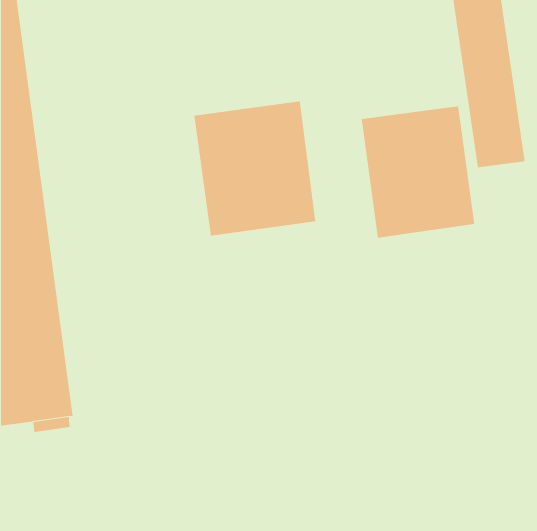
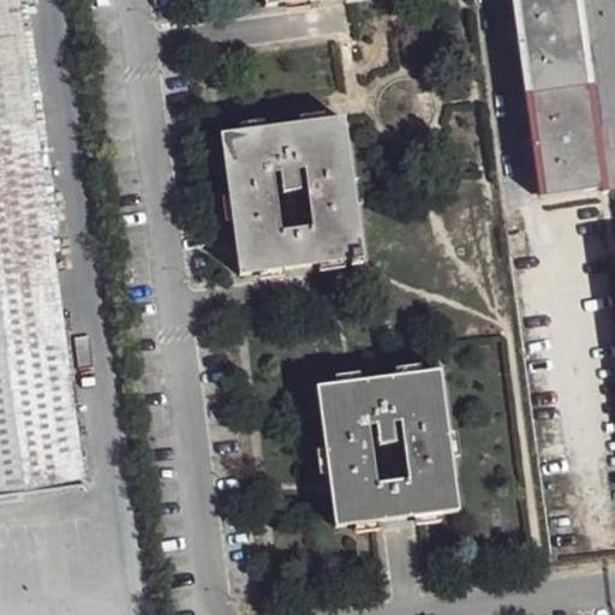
building: [361,105,475,239] -> none
building: none -> [317,368,458,523]

